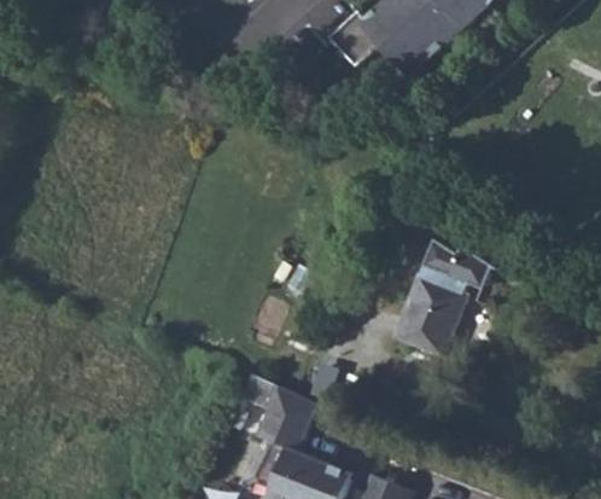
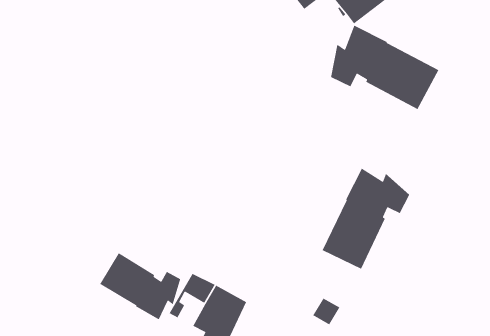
building: none -> [330,24,439,110]
building: none -> [99,252,181,321]

